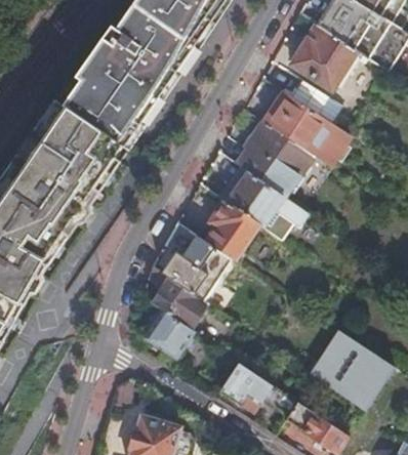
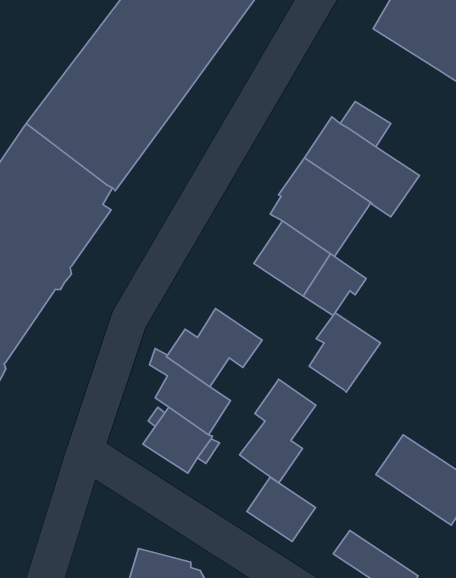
building: [290,27,355,90] -> none
building: [205,202,258,261] -> [309,313,380,392]
building: none -> [240,379,316,483]

